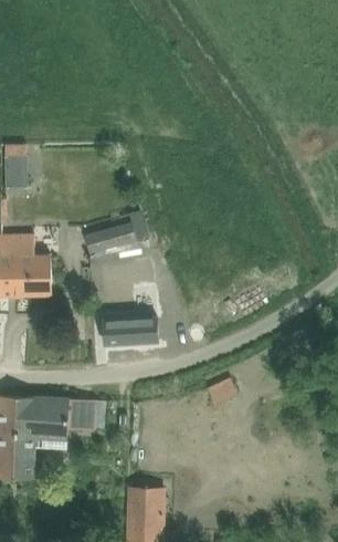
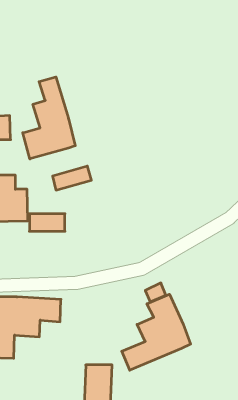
building: none -> [23,77,75,159]
building: [108,320,156,343] -> [29,214,65,231]
building: none -> [122,294,191,370]

